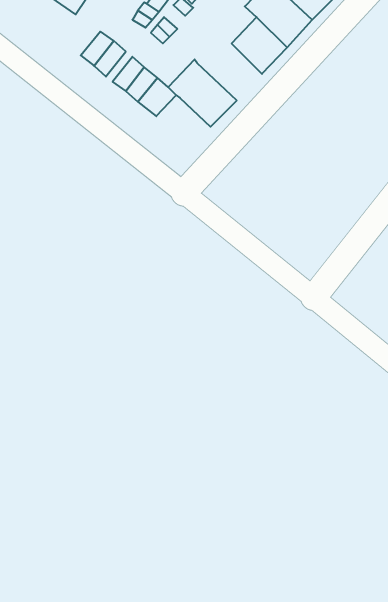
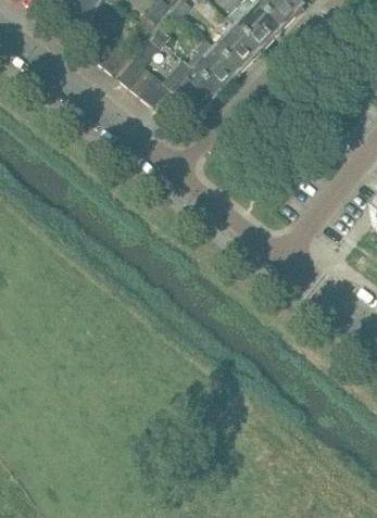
building: none -> [190,28,243,85]

